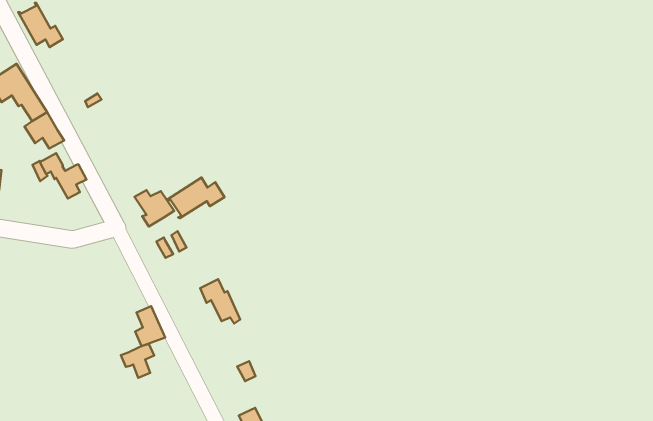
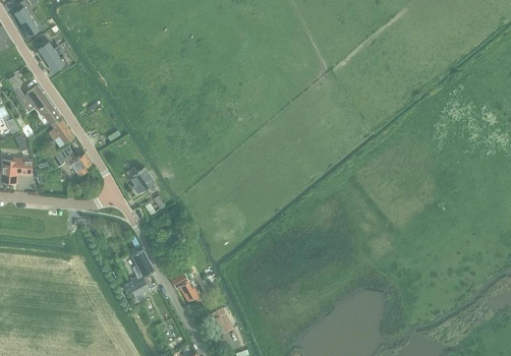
building: [167,178,224,218] -> none
building: [200,279,240,323] -> [170,272,200,302]

